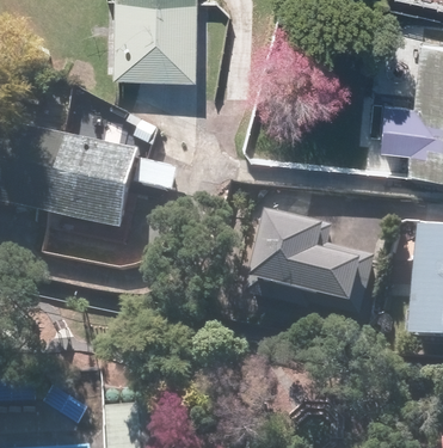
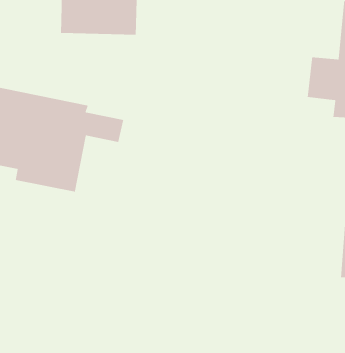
building: [251,209,376,314] -> none

